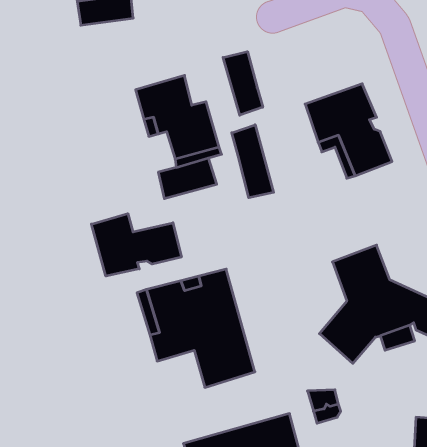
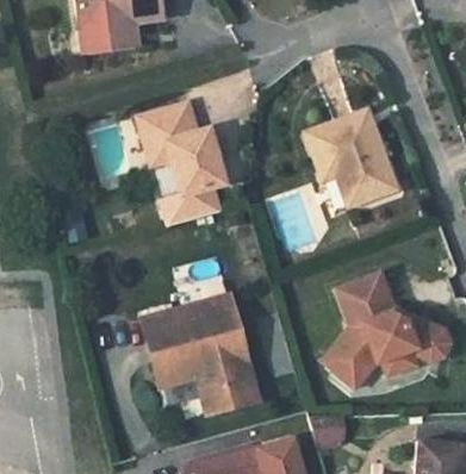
building: [223,52,263,115] -> none
building: [232,125,274,198] -> none
building: [91,214,181,276] -> none

